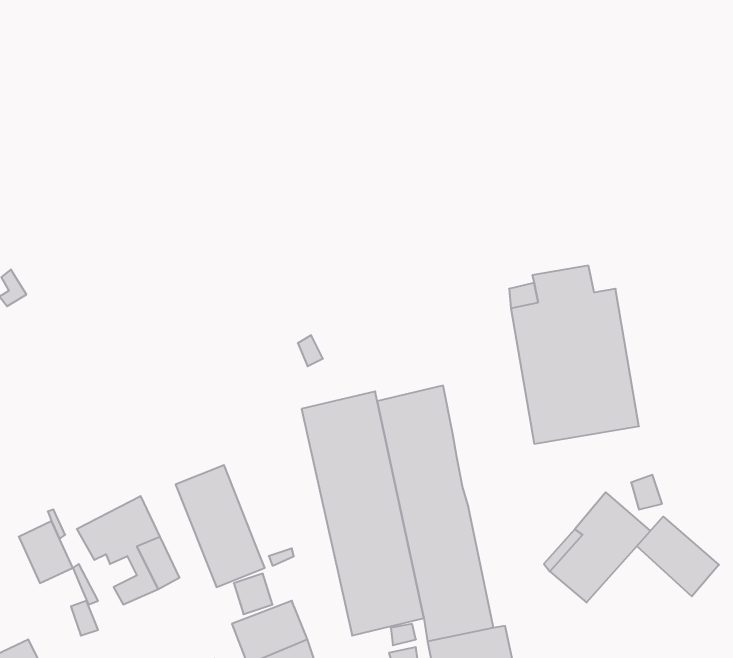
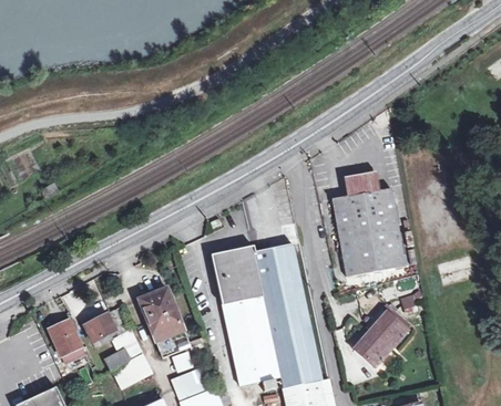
building: [637,517,719,596] -> none
building: none -> [110,353,152,391]

